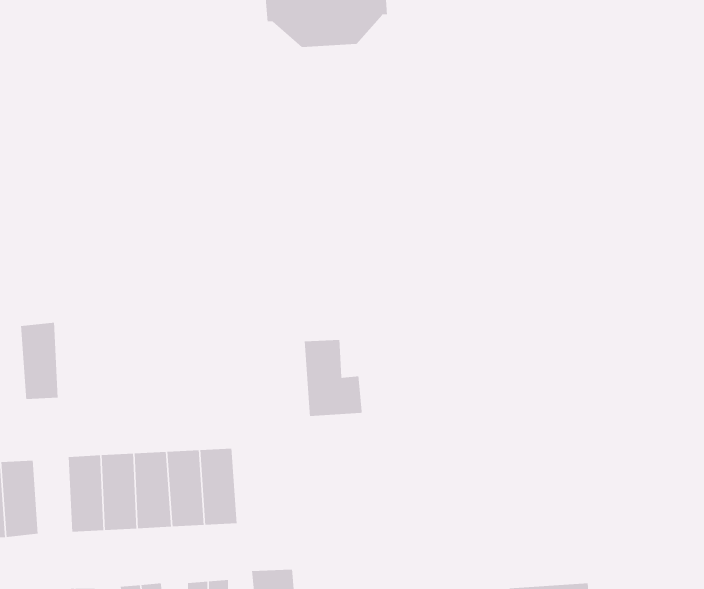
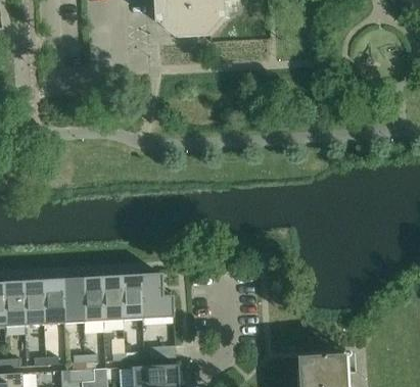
building: [20,322,58,400] -> [20,279,43,325]
building: [304,339,363,417] -> [138,273,173,319]

